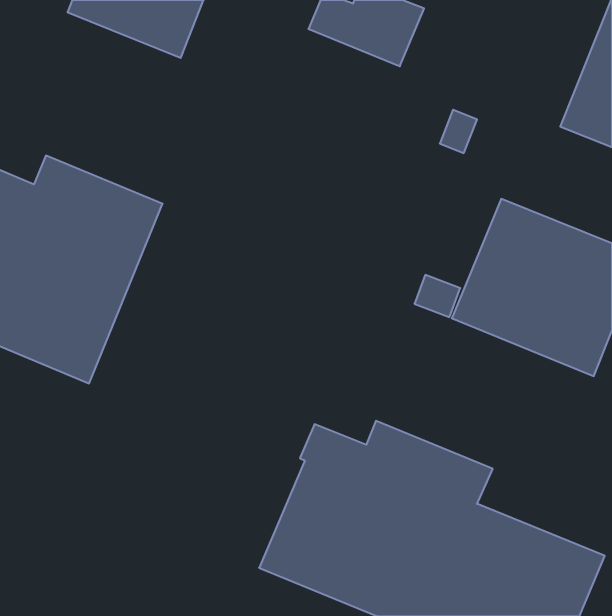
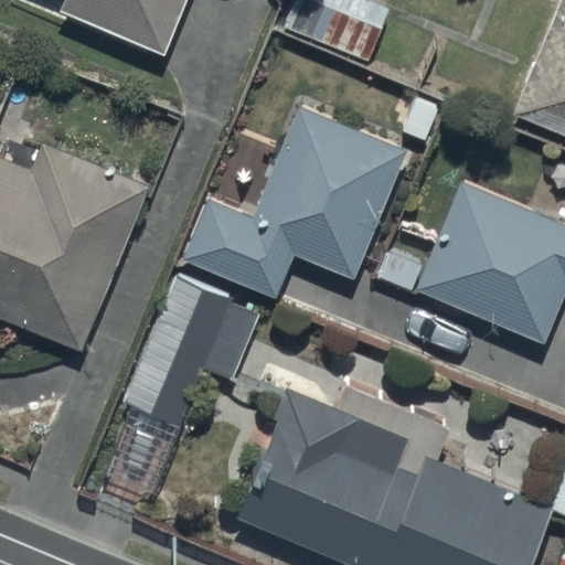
building: none -> [182,107,407,298]
building: none -> [122,275,259,426]

